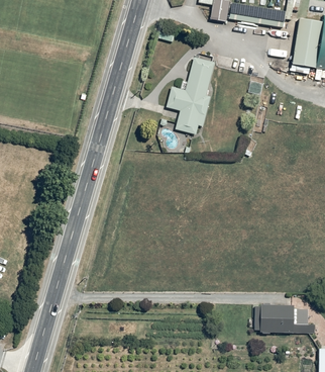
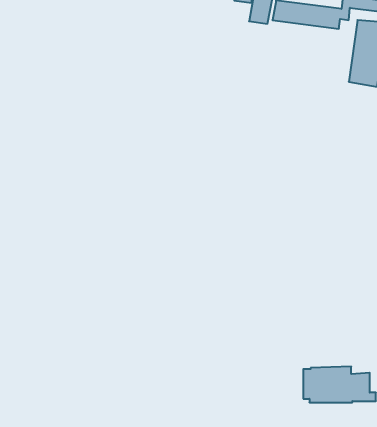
building: [167,56,214,134] -> none

